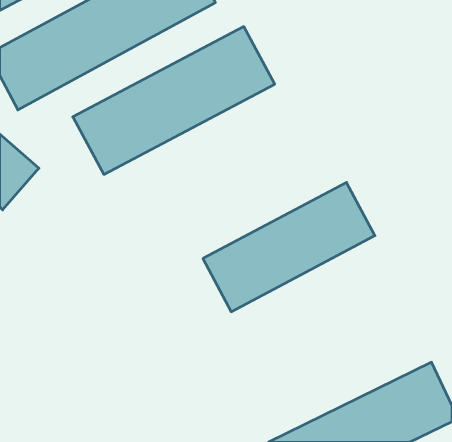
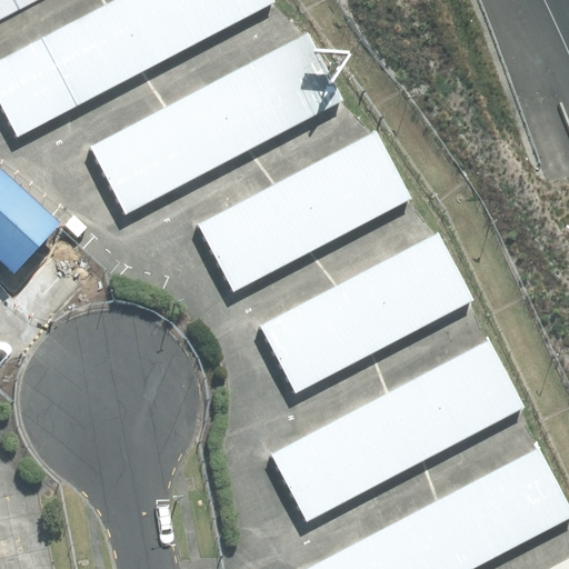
building: none -> [194,133,415,296]
building: none -> [271,335,522,509]

